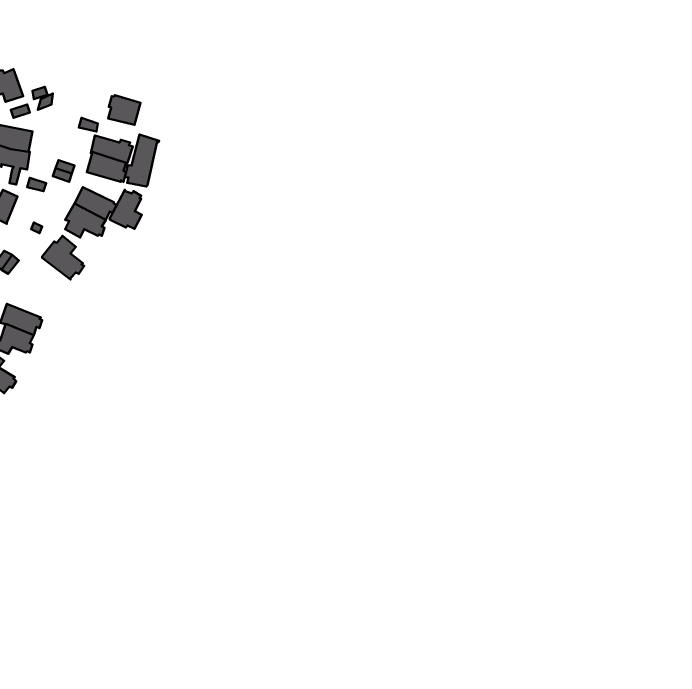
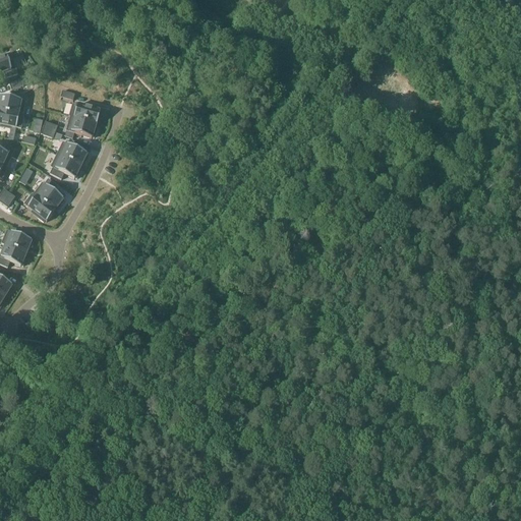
building: [108,95,140,125] -> none
building: [125,135,159,187] -> none
building: [110,190,142,229] -> none
building: none -> [22,191,54,220]

